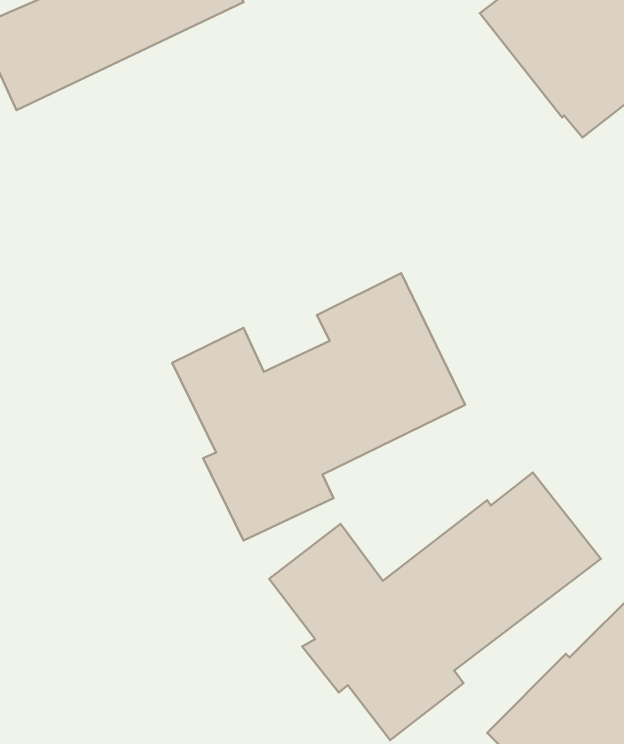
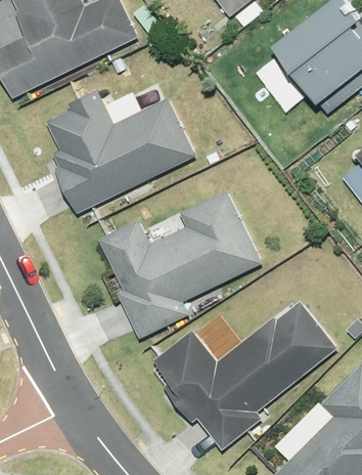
building: none -> [46,90,195,214]

